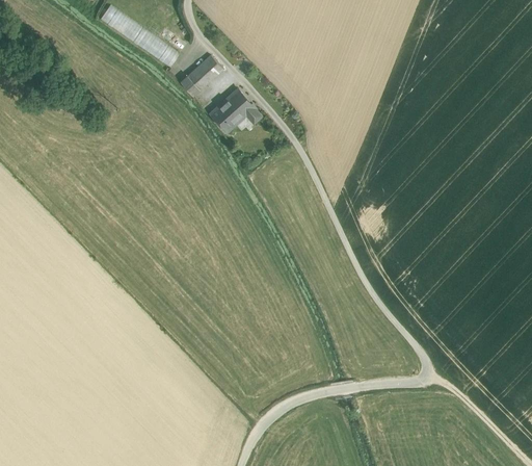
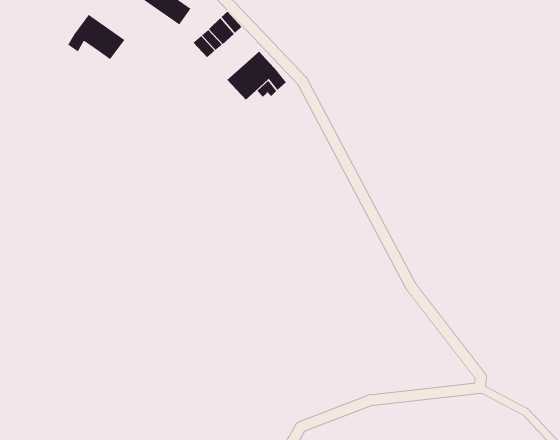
building: none -> [67,14,125,60]

